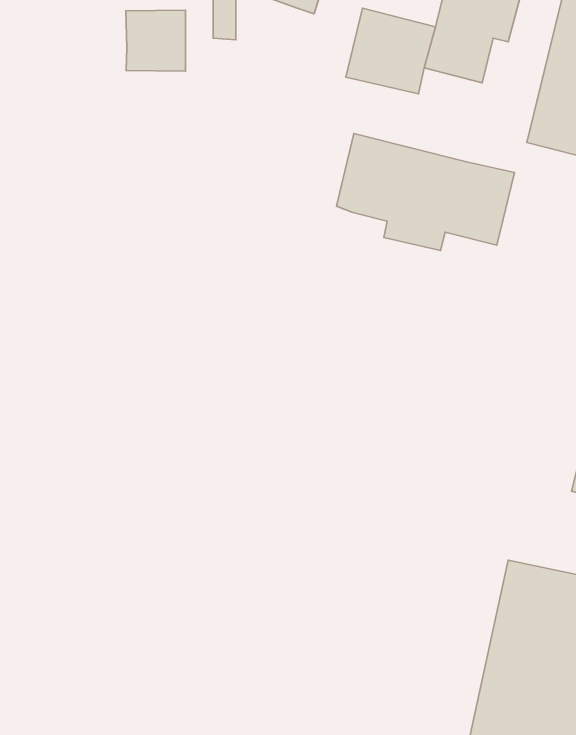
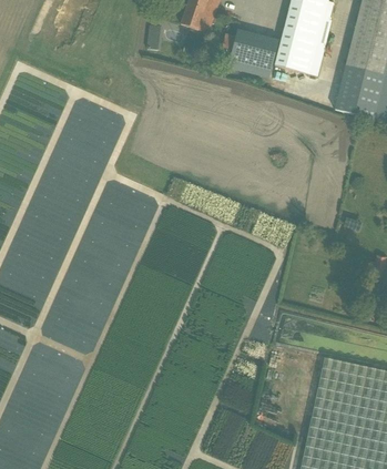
building: [126,10,186,71] -> none
building: [336,134,514,251] -> none

